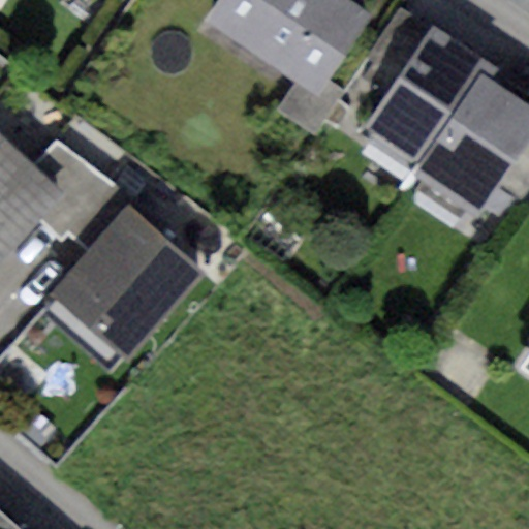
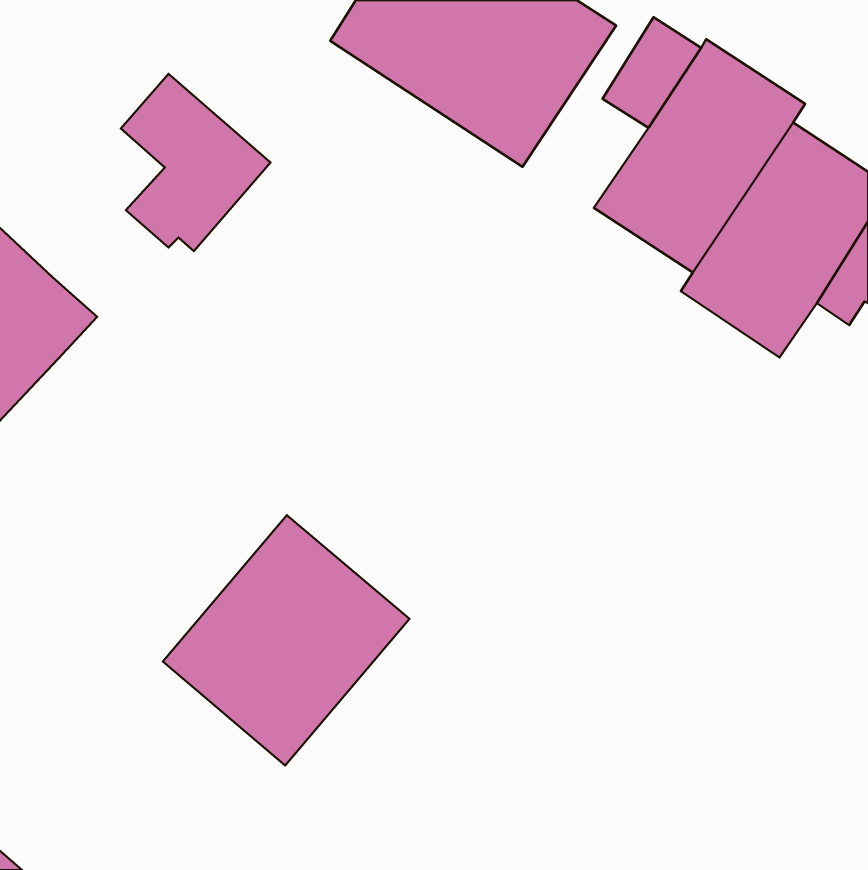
building: [32,135,123,243] -> [121,74,271,251]
building: [52,207,201,359] -> [163,515,409,765]

